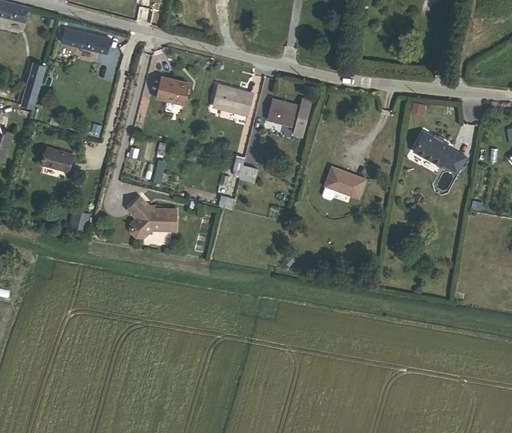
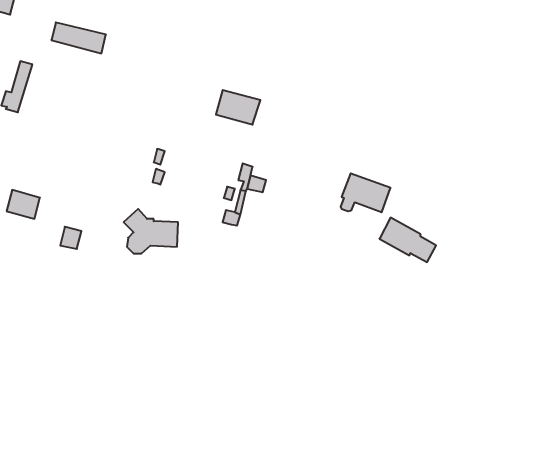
building: [155,79,187,107] -> none
building: [264,104,309,142] -> none
building: [415,131,466,171] -> [379,218,436,262]
building: [45,147,75,173] -> [7,190,40,219]

